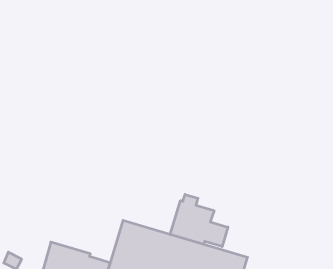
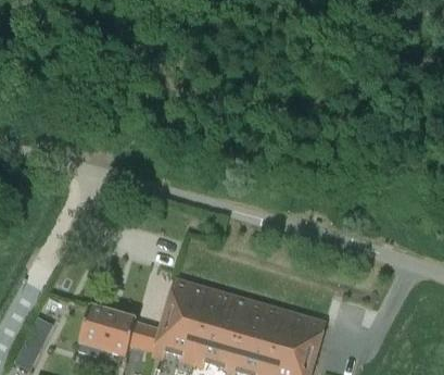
building: [170,194,228,247] -> none

